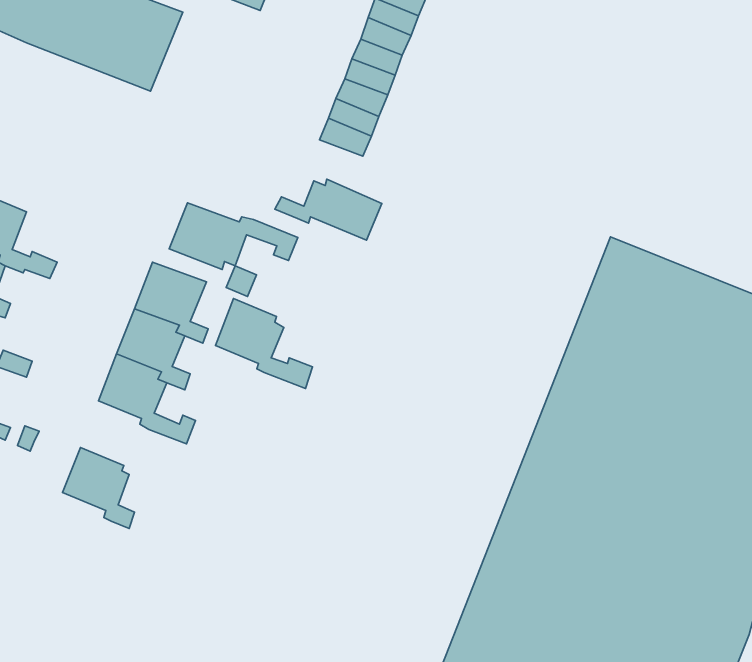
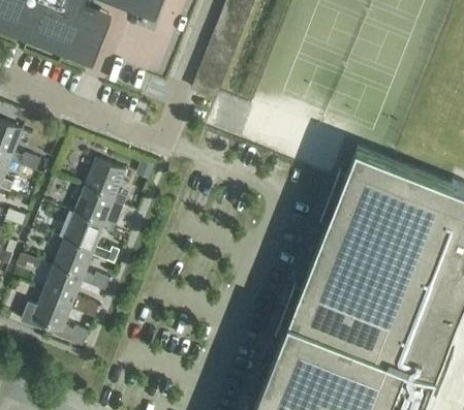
building: [275,179,382,240] -> none
building: [169,203,298,269] -> none
building: [216,299,313,389] -> [53,241,109,292]
building: none -> [20,293,88,347]

